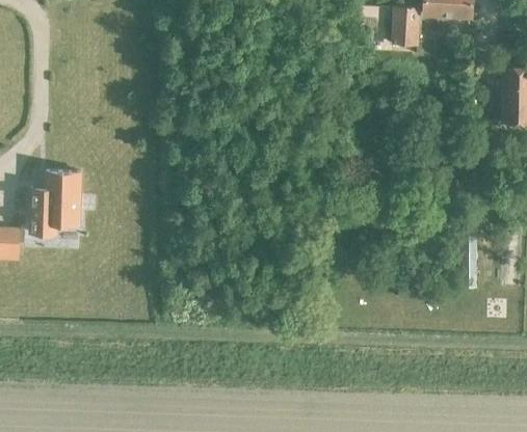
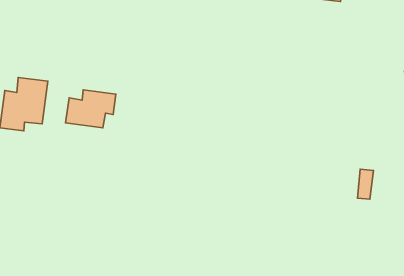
building: none -> [66,90,116,128]

